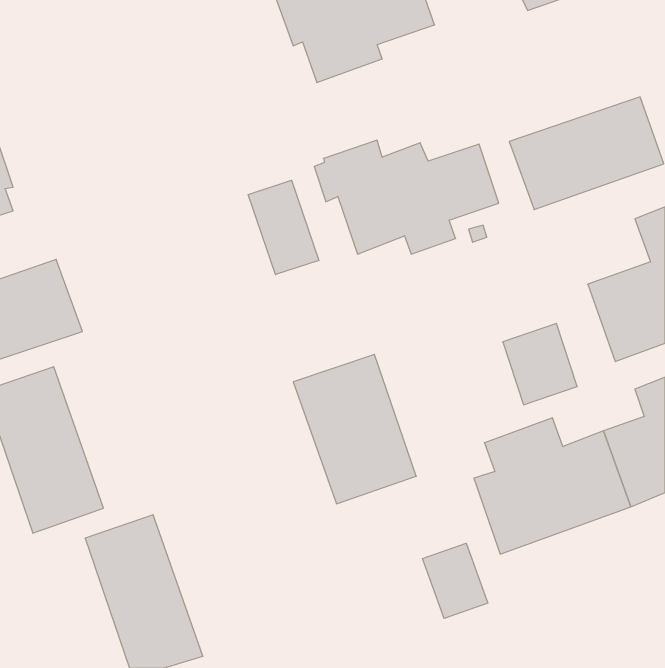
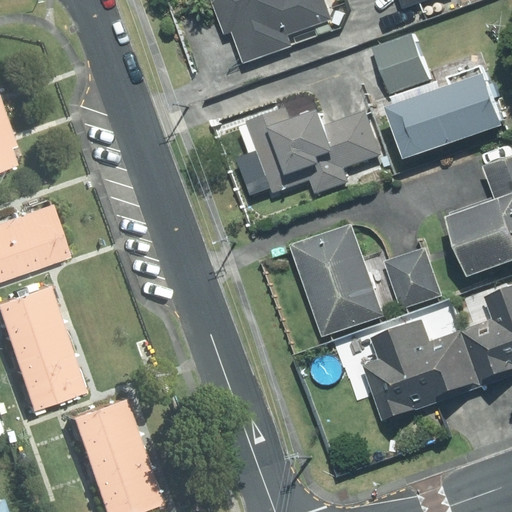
building: none -> [373,33,429,93]
building: [248,180,319,275] -> none
building: [293,354,416,504] -> [290,223,384,337]
building: [423,543,488,618] -> none

